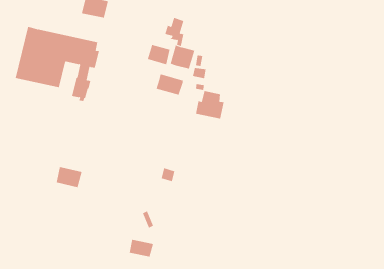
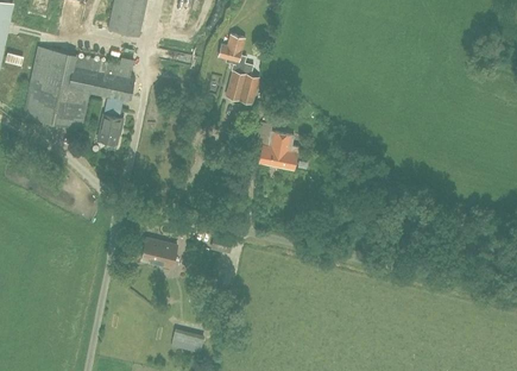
building: [147,44,170,65] -> none
building: [156,74,183,96] -> none
building: [56,167,83,188] -> [141,238,177,266]

